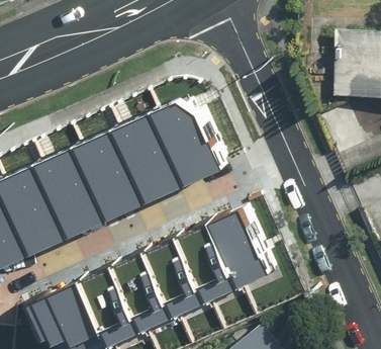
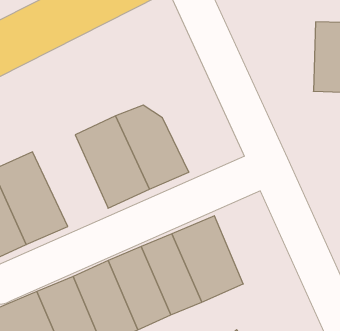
building: [70,135,141,223] -> none

